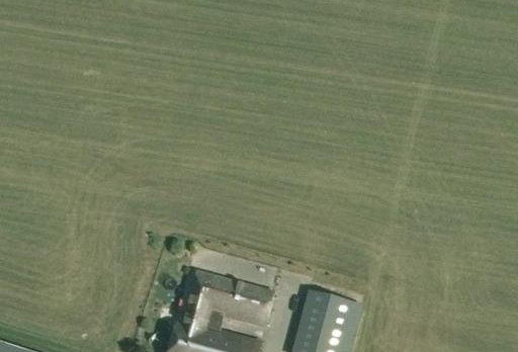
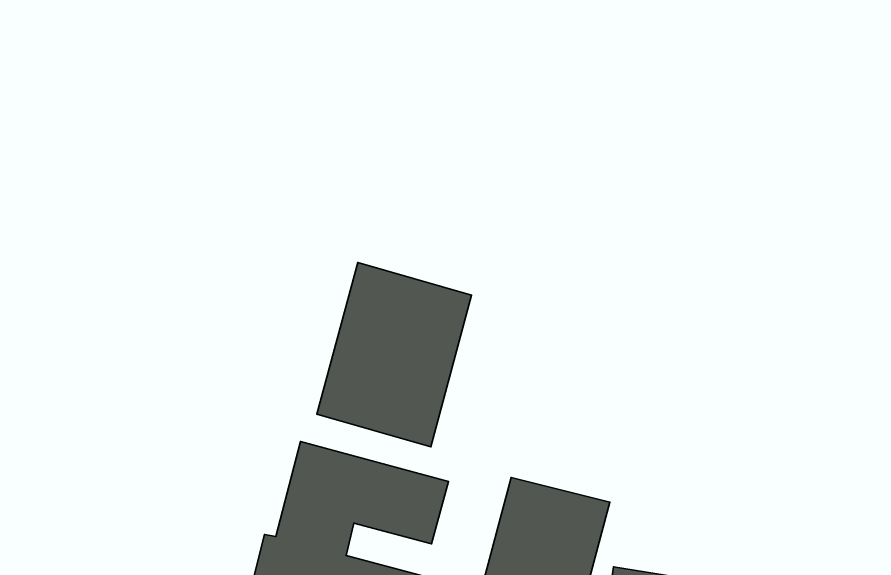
building: none -> [317,262,472,447]

